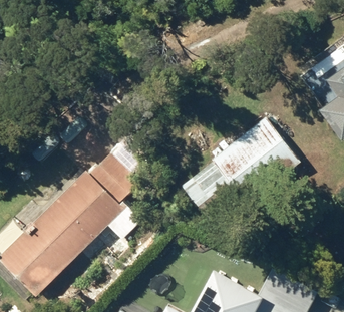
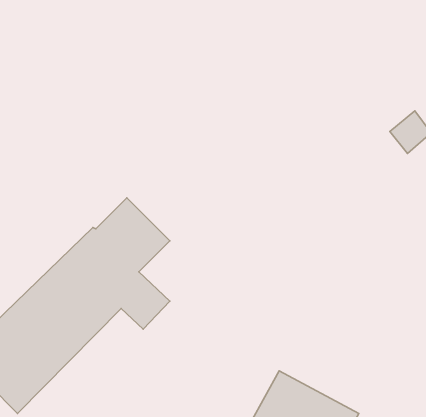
building: [179,117,295,223] -> none

